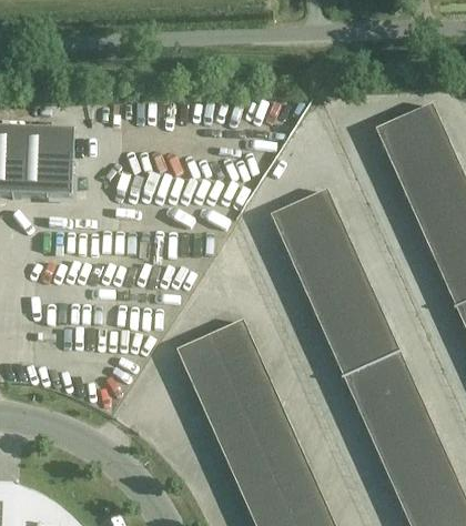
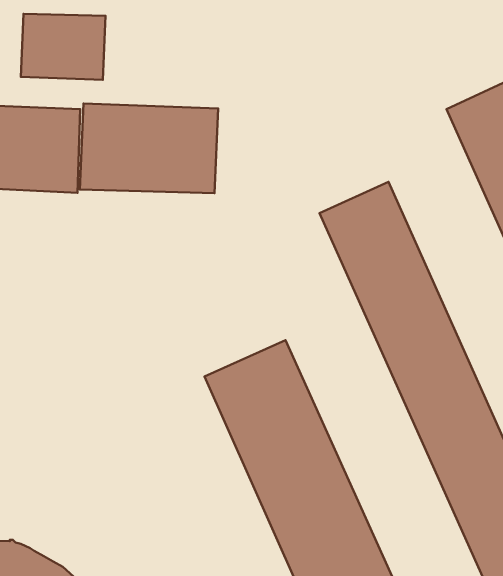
building: none -> [21,14,106,80]
building: none -> [80,104,218,193]

